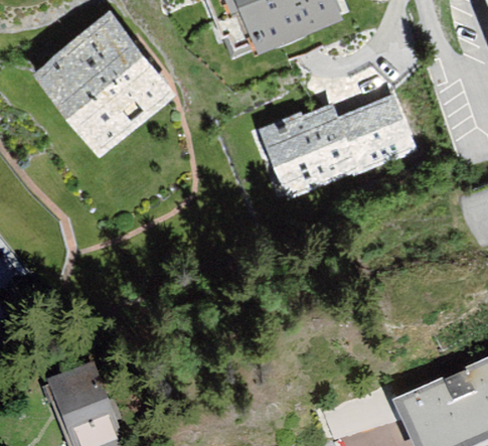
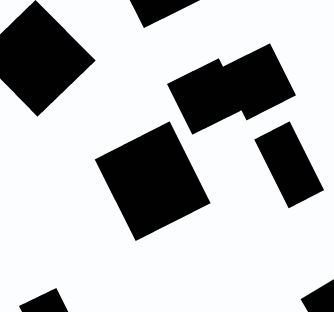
building: none -> [94,120,211,242]
building: none -> [254,120,325,209]

